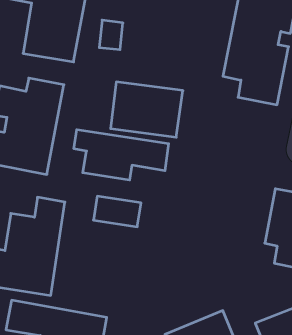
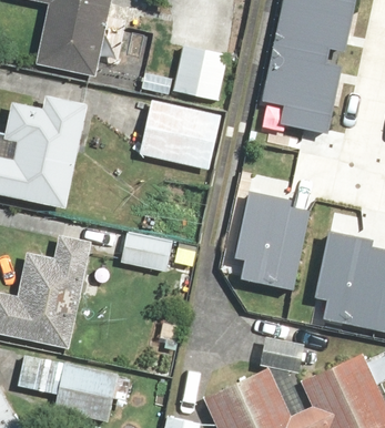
building: none -> [174,49,224,100]
building: [74,130,169,180] -> none
building: none -> [239,183,312,282]

